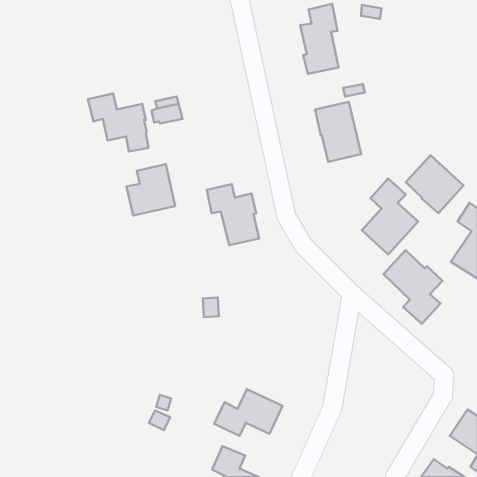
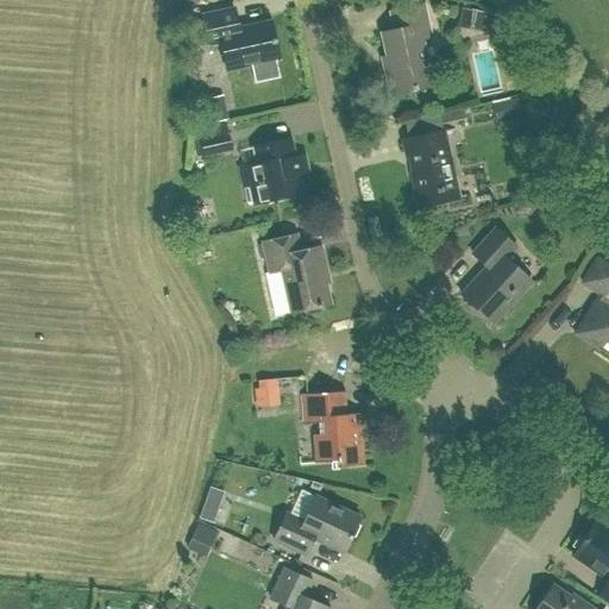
building: [88,94,149,152] -> [202,8,280,82]
building: [406,155,463,213] -> none
building: [127,164,175,216] -> [240,138,302,203]
building: [384,250,442,324] -> none
building: none -> [301,390,365,466]

